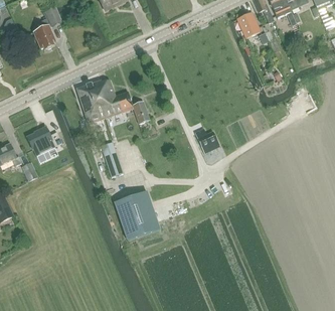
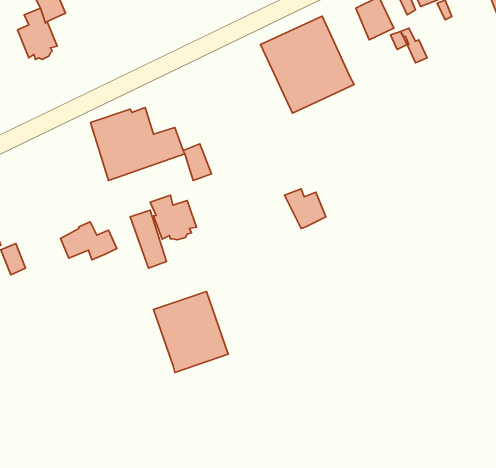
building: none -> [261,16,354,113]
building: [27,126,61,149] -> [60,222,117,260]
building: none -> [150,195,196,240]

